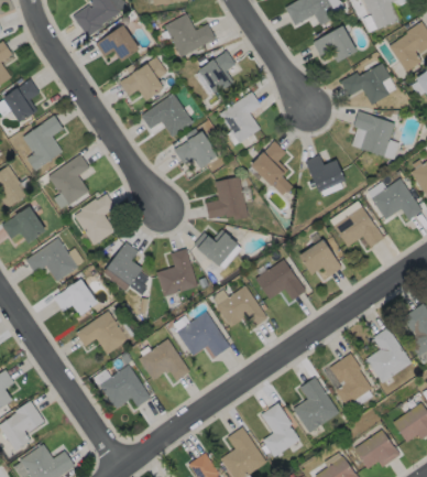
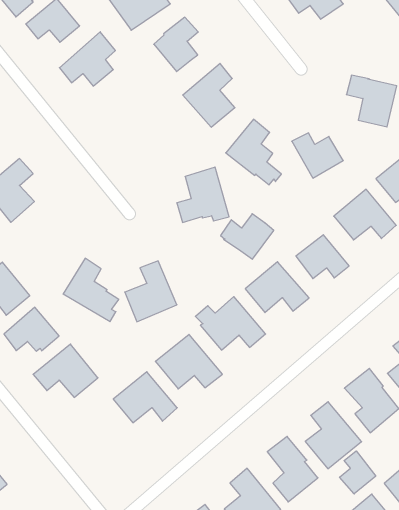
building: [340,64,391,106] -> none
building: [141,93,194,137] -> none
building: [174,129,219,169] -> none
building: [74,194,116,246] -> none
building: [195,229,239,267] -> [221,214,274,259]
building: [99,365,151,409] -> none
building: none -> [340,451,376,494]

